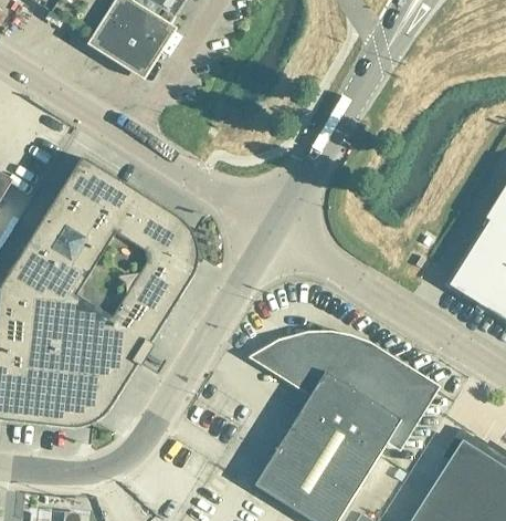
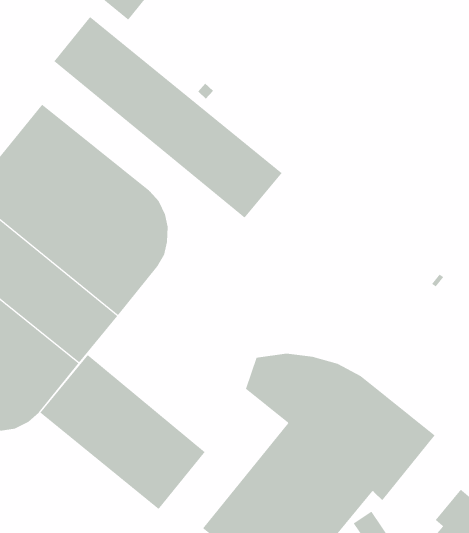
building: none -> [53,16,283,218]
building: none -> [39,354,206,510]

